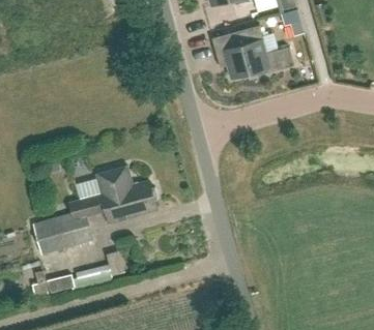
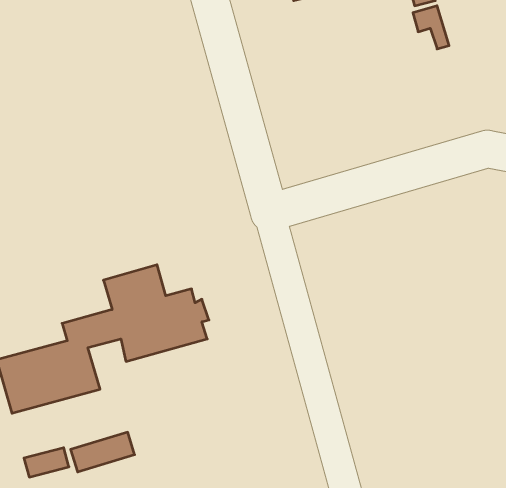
building: [211,25,293,80] -> none

